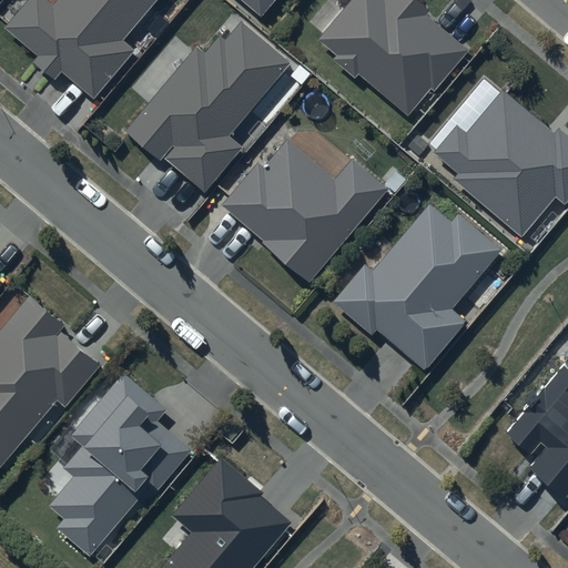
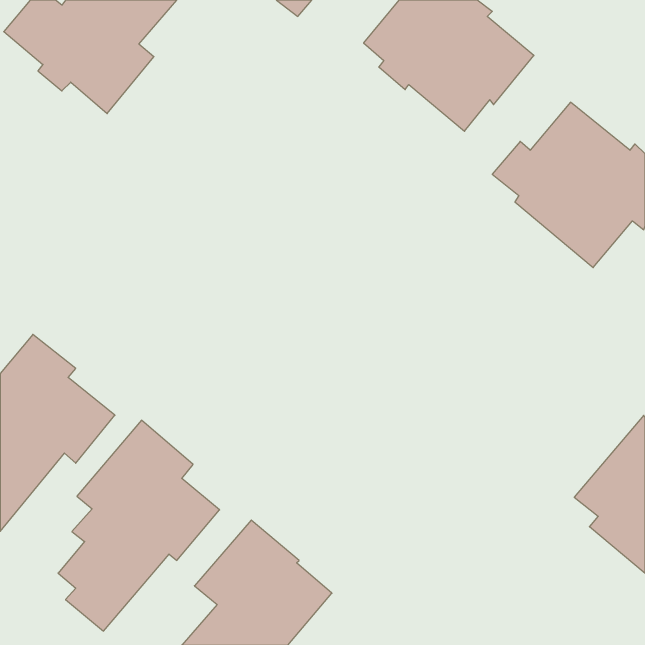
building: [124,21,292,192] -> none
building: [221,140,388,281] -> none
building: [332,203,501,367] -> none

